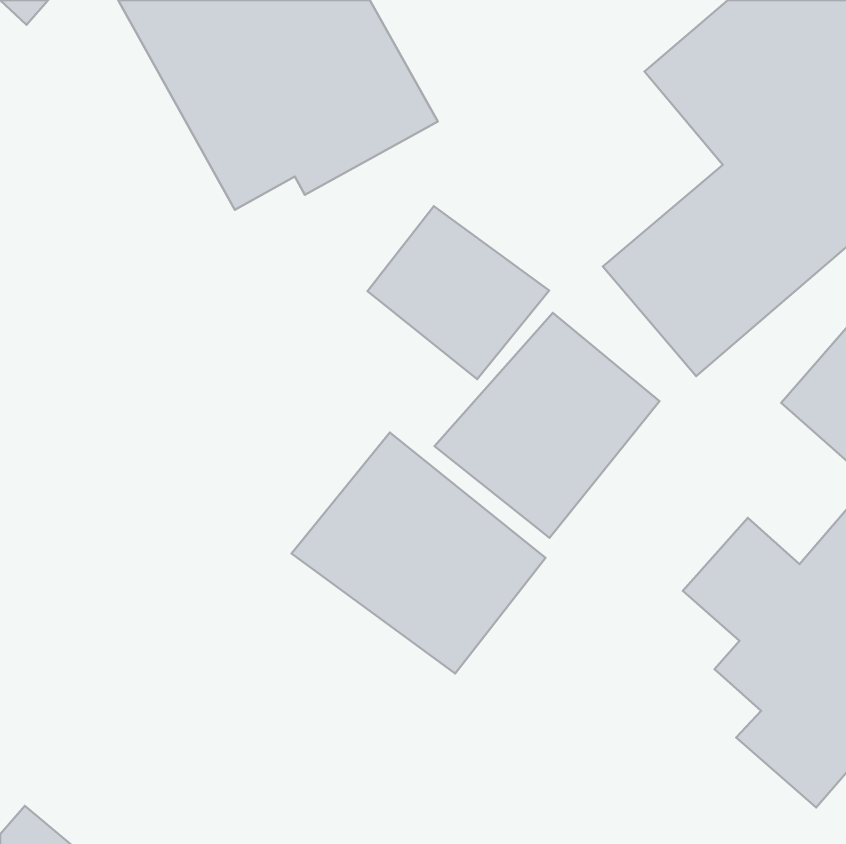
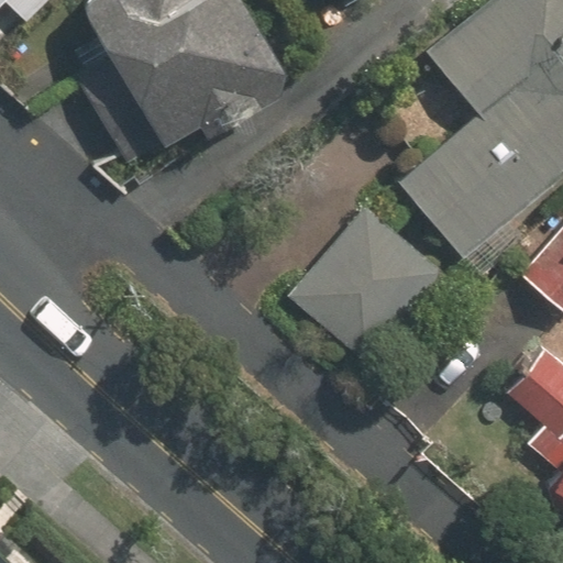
building: [368,206,549,379] -> none
building: [291,433,546,674] -> none

